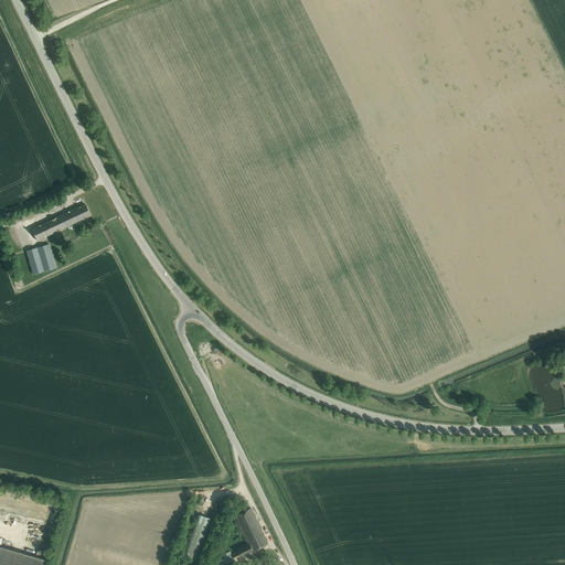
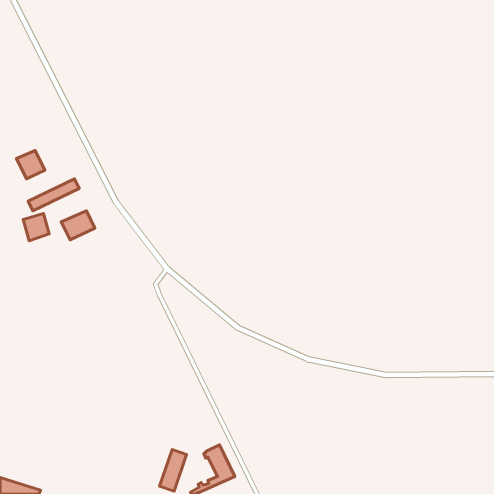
building: none -> [16,151,45,179]
building: none -> [61,211,95,240]

